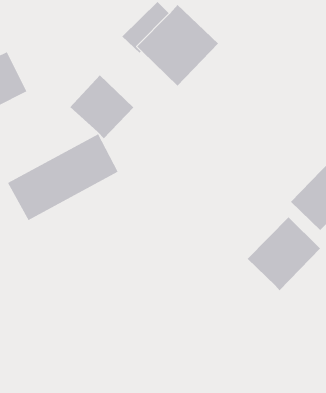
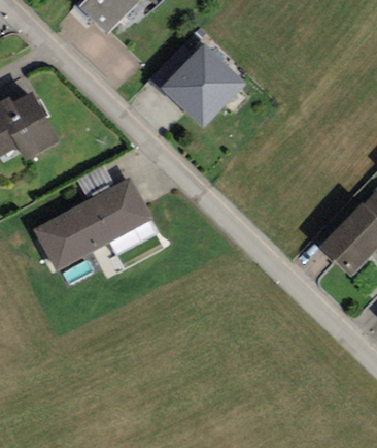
building: [69,75,134,139] -> none
building: [247,216,321,291] -> none

